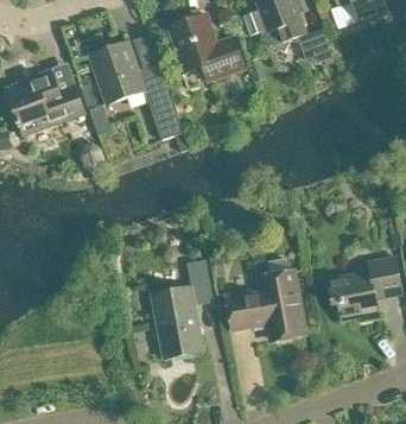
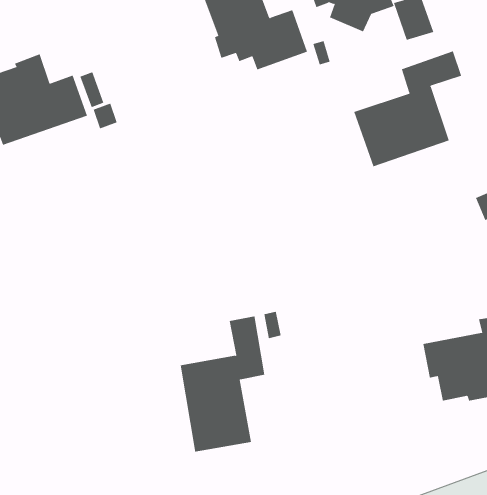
building: [93,42,184,144] -> none
building: none -> [354,51,462,167]
building: [226,271,305,338] -> none

